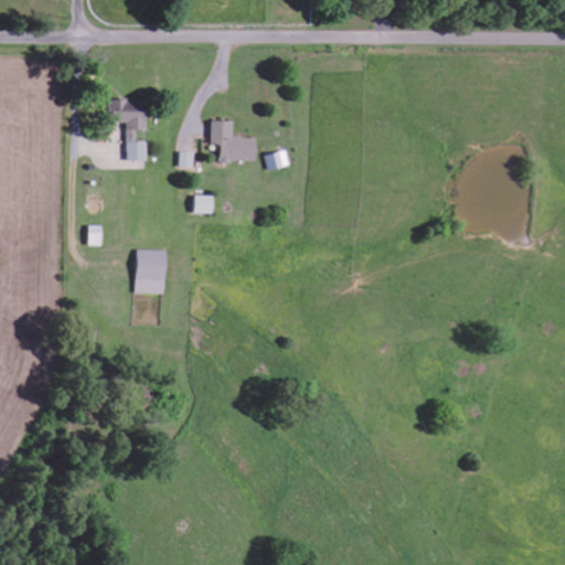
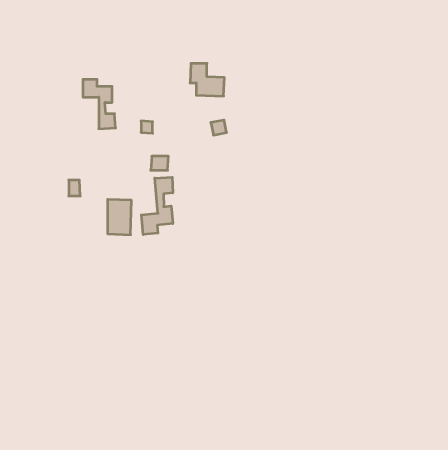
building: [210,120,253,161] -> [190,63,224,96]
building: none -> [141,177,173,235]

